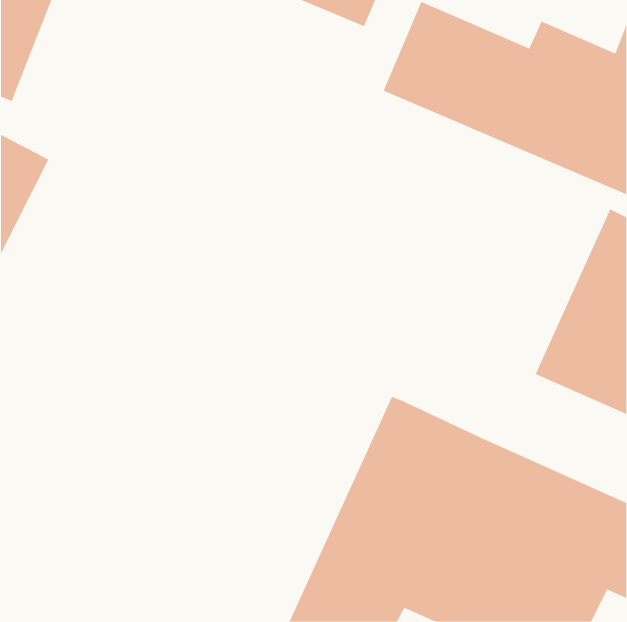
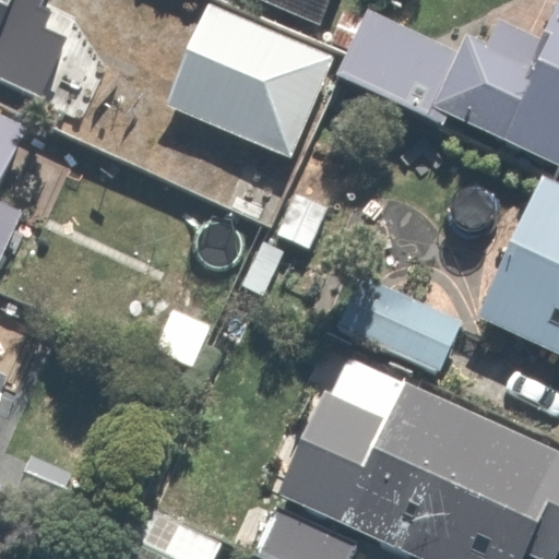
building: none -> [170,4,335,160]
building: none -> [357,283,462,390]

